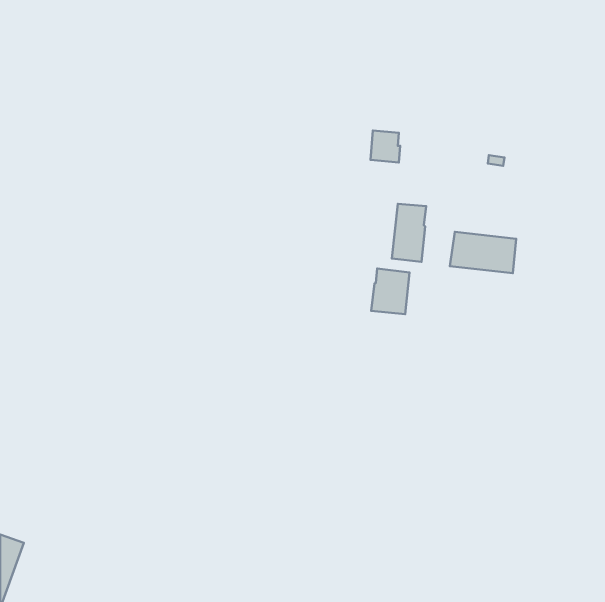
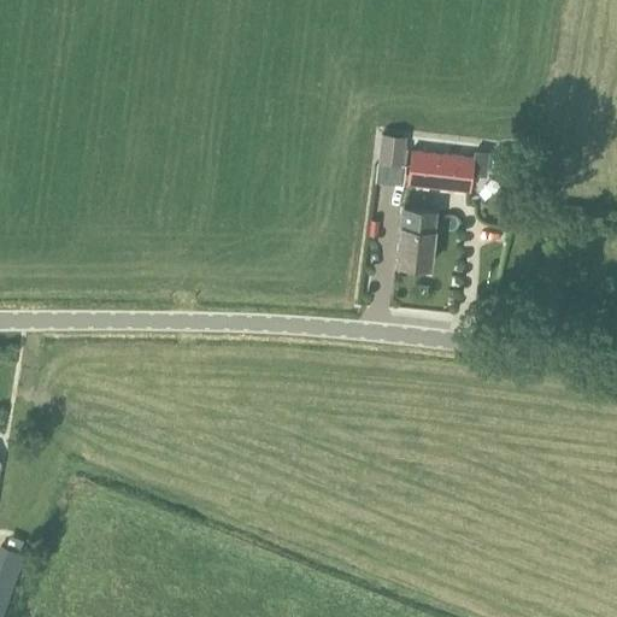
building: [450,232,516,273] -> [406,151,474,193]
building: [371,268,410,314] -> none

